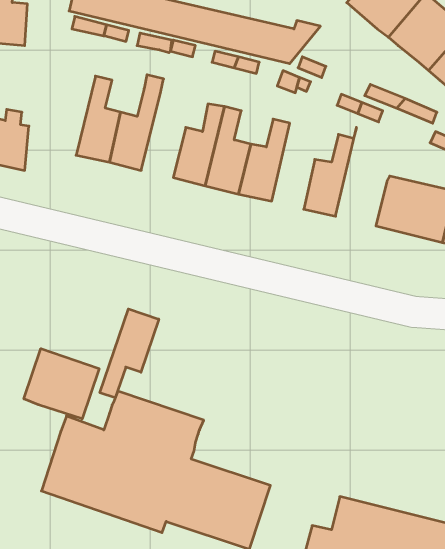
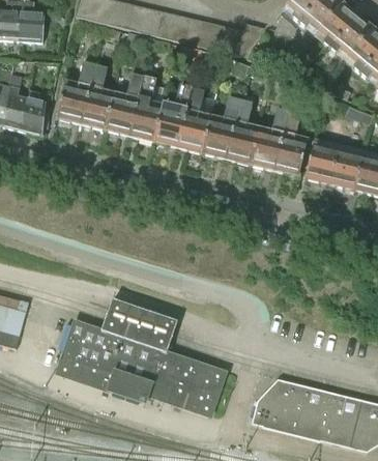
building: none -> [56,61,95,123]
building: none -> [129,76,163,140]
building: none -> [227,99,259,164]
building: none -> [274,102,308,175]
building: [100,309,159,398] -> none
building: [24,349,99,419] -> none

